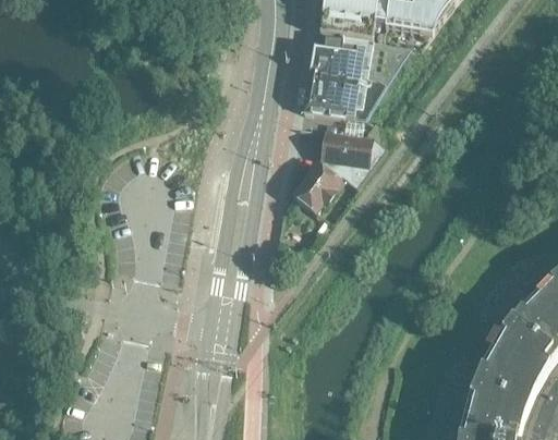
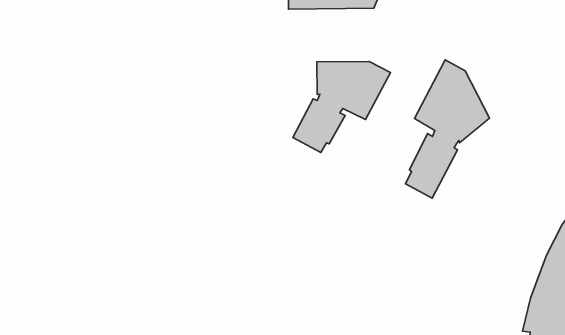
building: [301,76,383,118] -> none
building: none -> [405,60,490,198]

